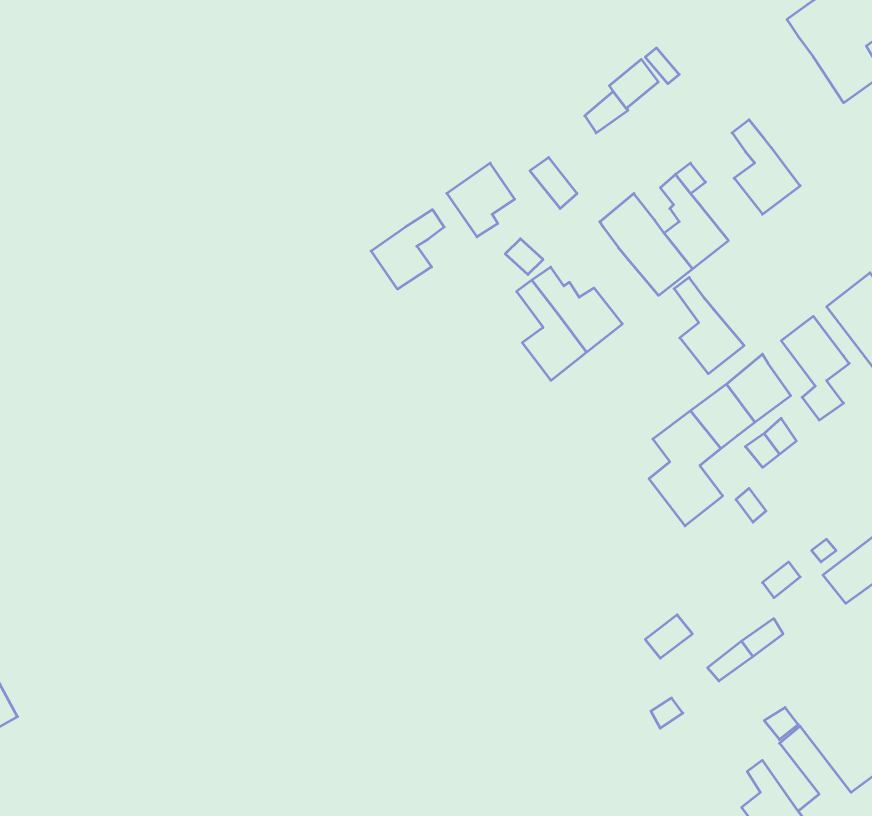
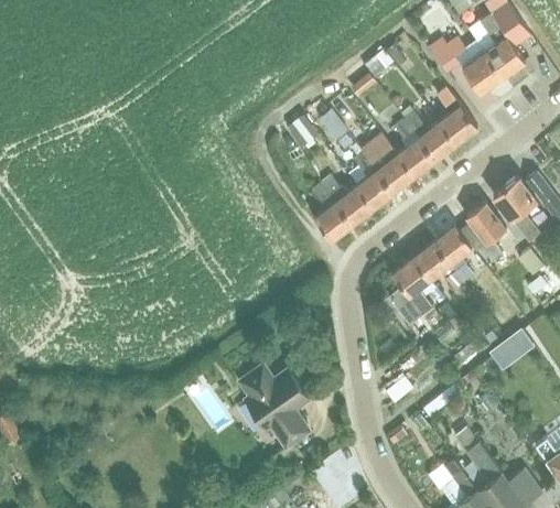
building: none -> [431,39,503,94]
building: none -> [419,123,455,160]
building: [371,210,444,289] -> none
building: [674,277,744,374] -> [354,152,395,208]
building: none -> [244,368,311,448]

